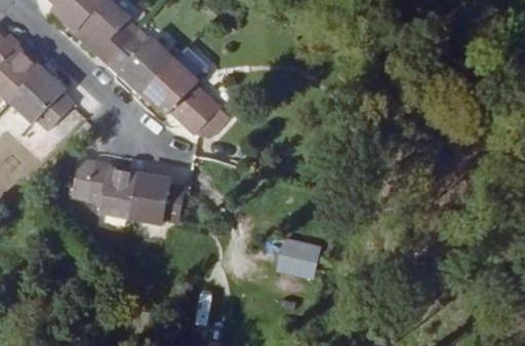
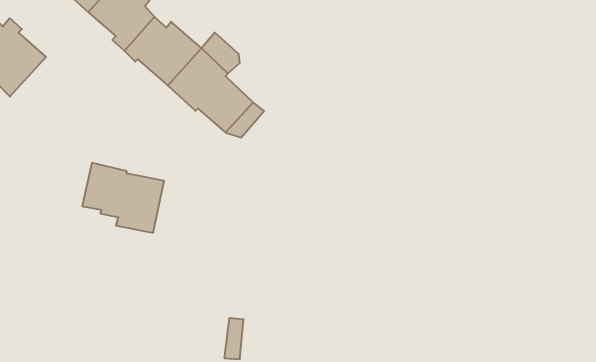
building: [11,69,74,130] -> none
building: [133,175,187,225] -> none
building: [276,238,320,278] -> none

